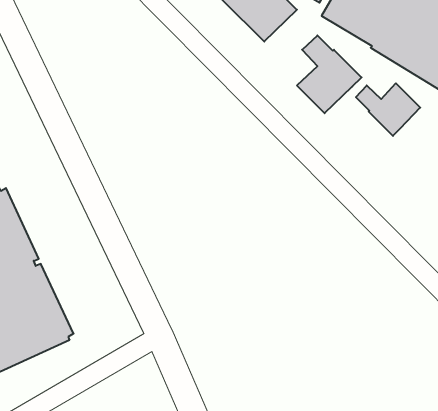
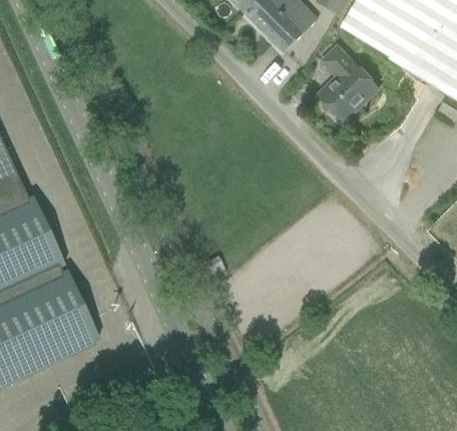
building: [356,83,420,136] -> none

